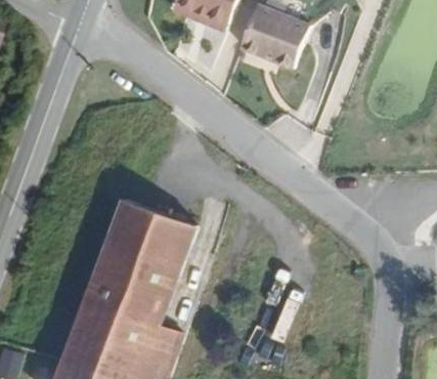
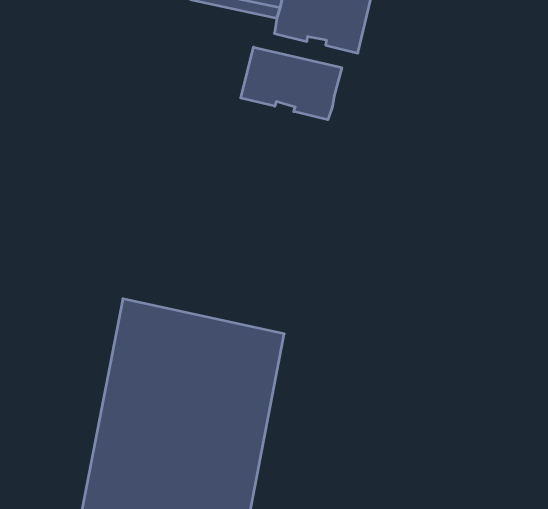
building: none -> [241,47,342,120]

